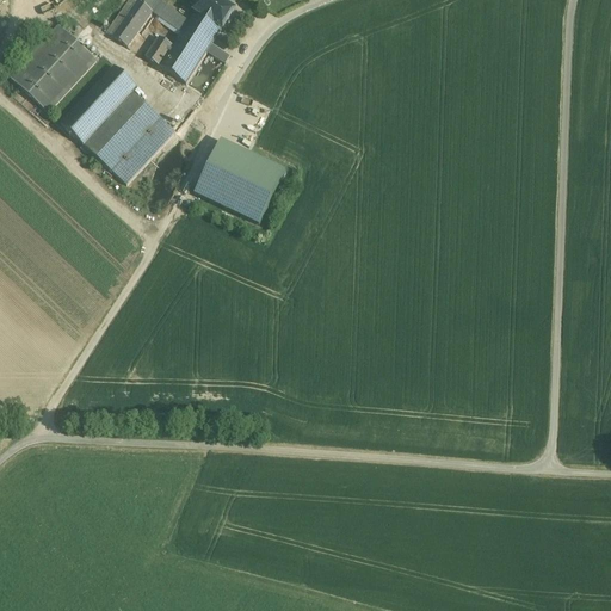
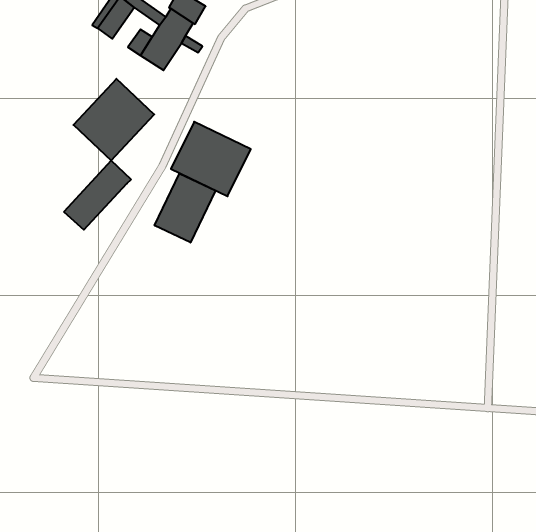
building: [11,23,97,110] -> none
building: [61,63,137,142] -> [64,161,131,230]
building: none -> [155,173,215,243]

